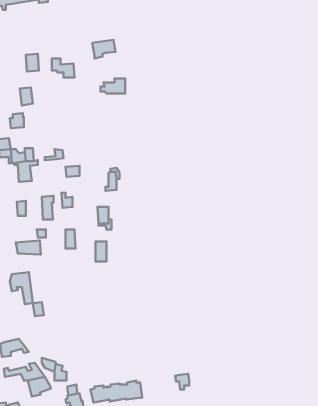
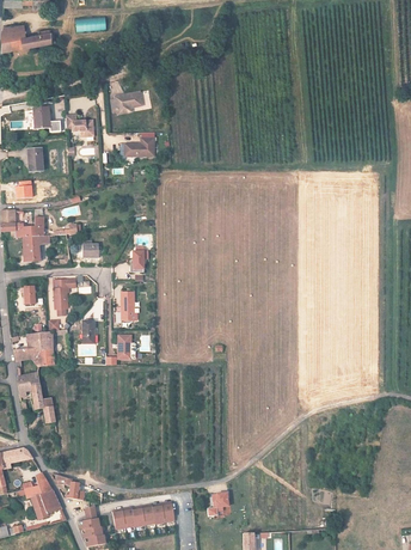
building: none -> [11,347,57,366]

